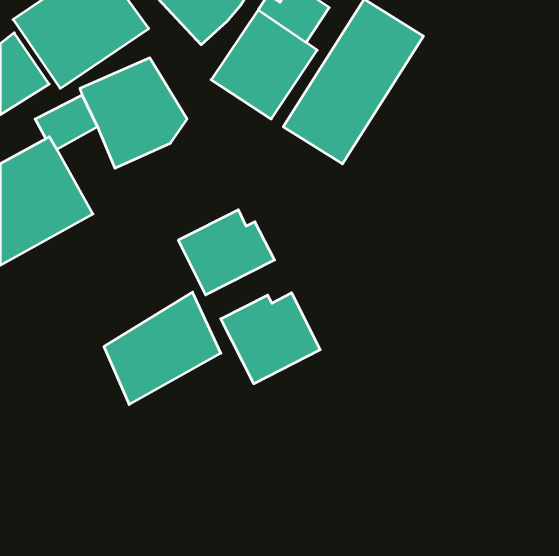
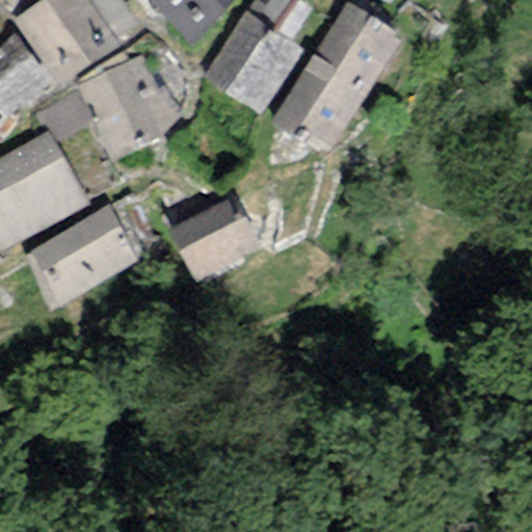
building: [104,292,221,405] -> [25,203,136,310]
building: [221,293,320,384] -> none

